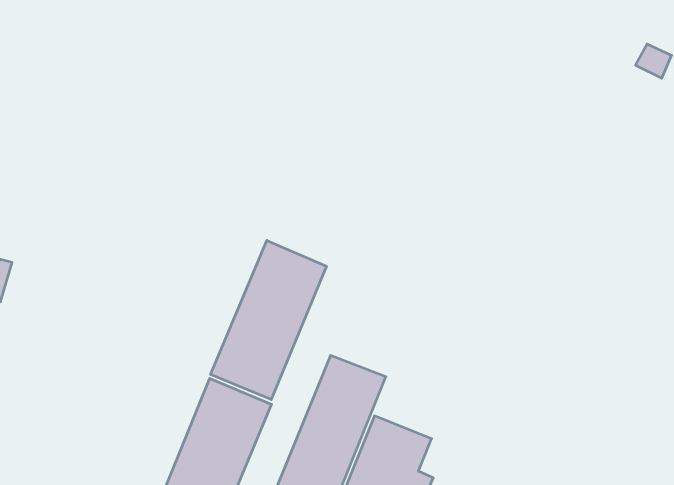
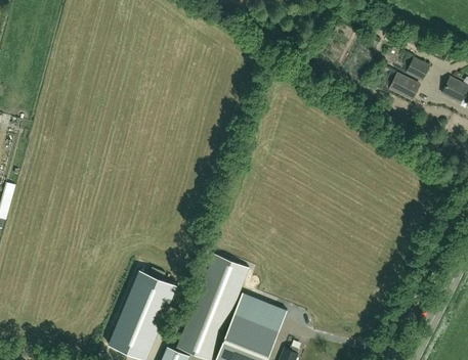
building: none -> [389,73,419,99]
building: [211,240,326,400] -> none

